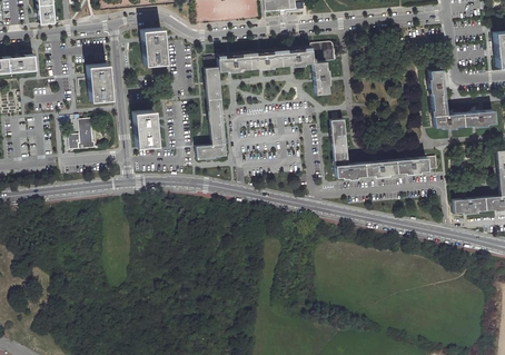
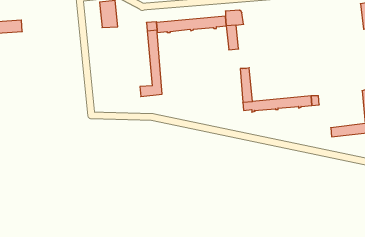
building: [88,65,111,100] -> none
building: [428,70,495,128] -> none
building: [133,110,157,147] -> none
building: [69,119,96,149] -> none

